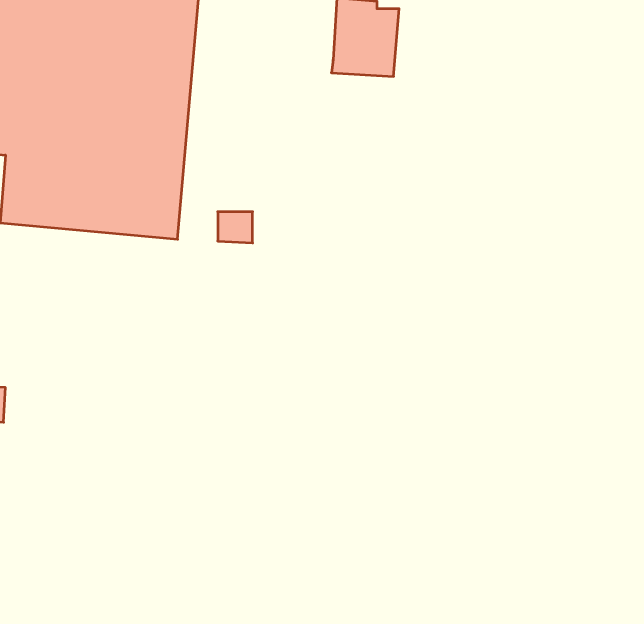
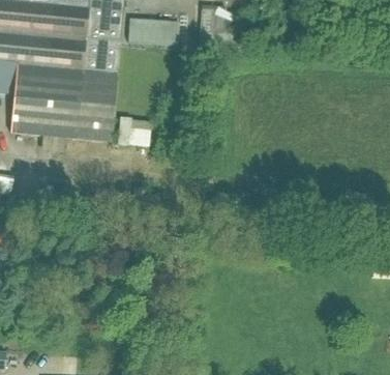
building: none -> [129,18,181,40]

